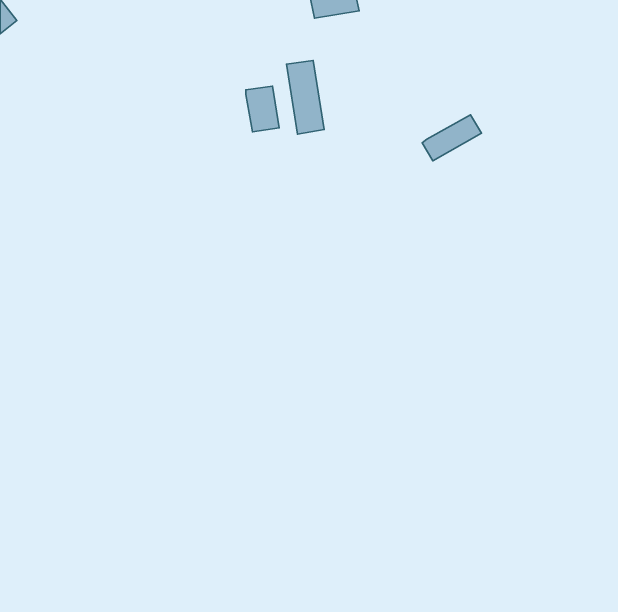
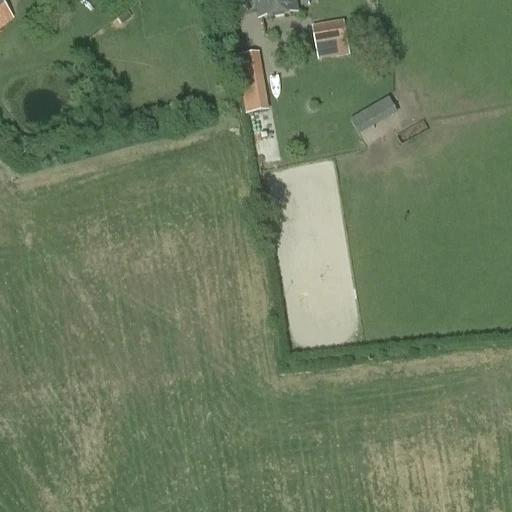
building: none -> [312,18,350,57]
building: [246,86,279,132] -> none

